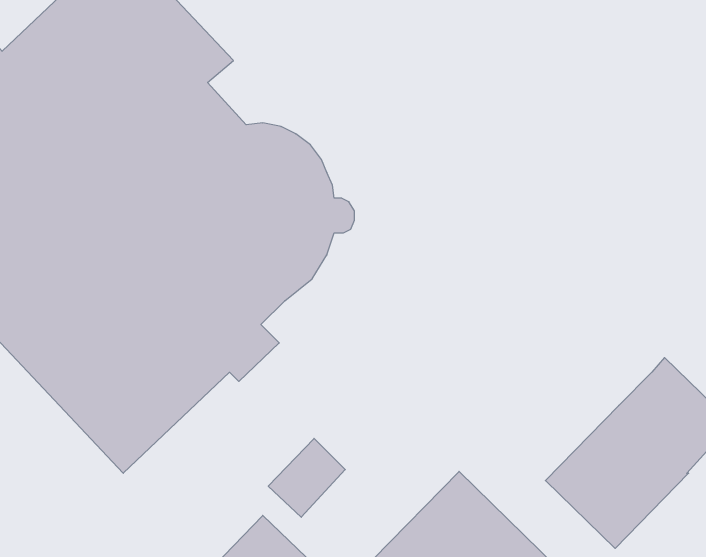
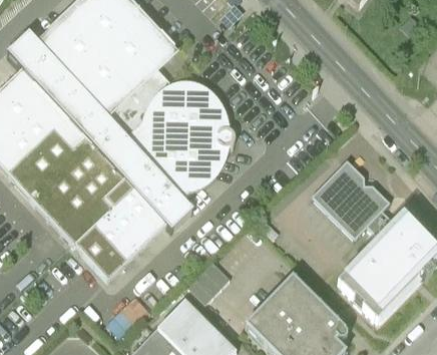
building: none -> [312,158,397,240]

